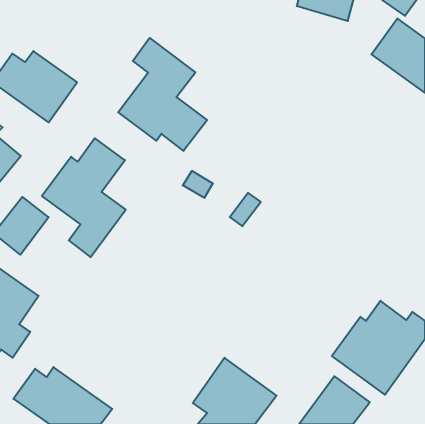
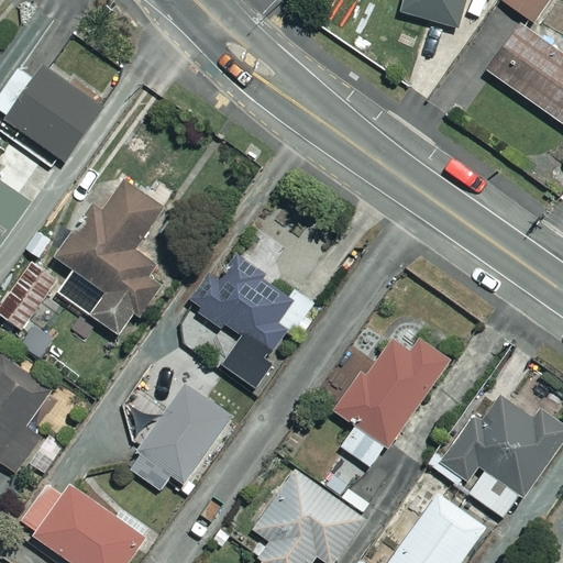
building: [118,38,207,151] -> none
building: none -> [189,253,292,387]
building: none -> [334,338,453,467]
building: none -> [126,383,232,488]

